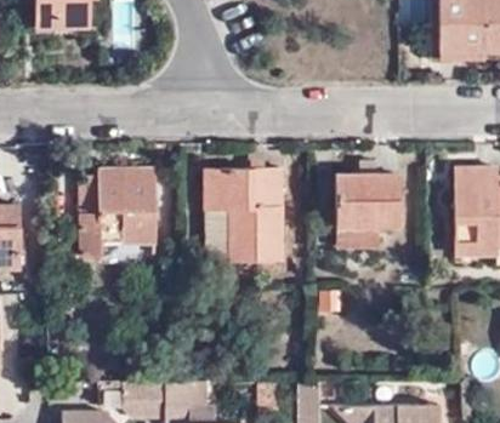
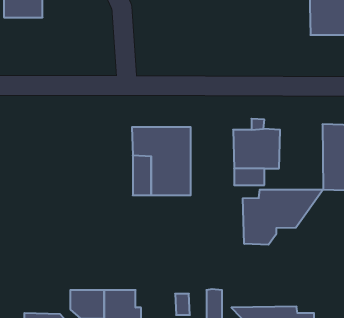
building: [80,167,154,253] -> none
building: none -> [243,190,323,245]

